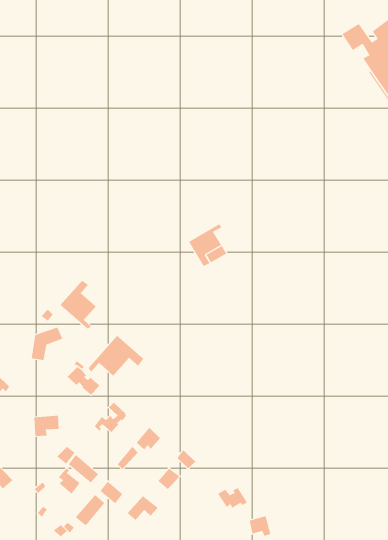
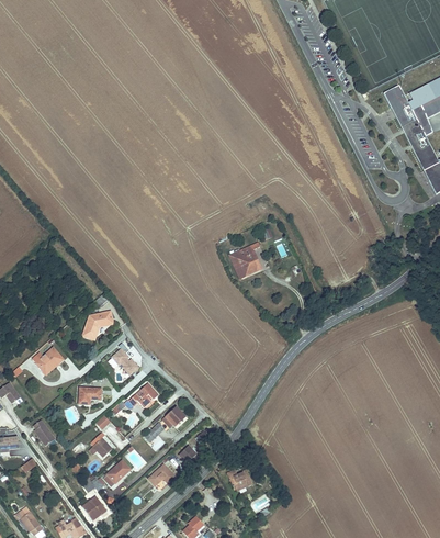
building: [60,280,97,330] -> none
building: [88,335,144,377] -> none

